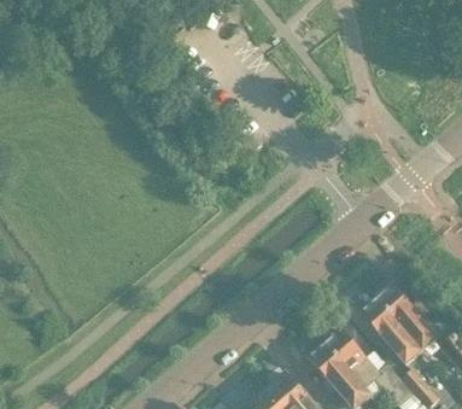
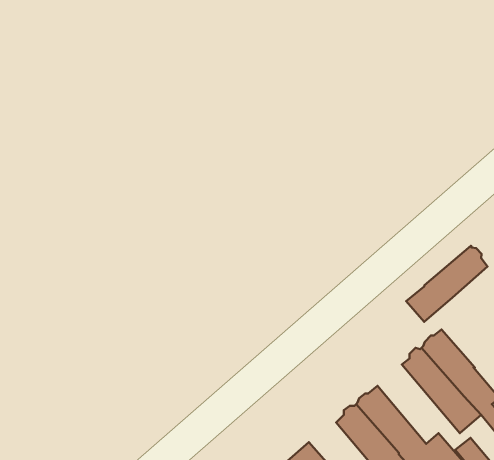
building: none -> [406,246,487,322]

